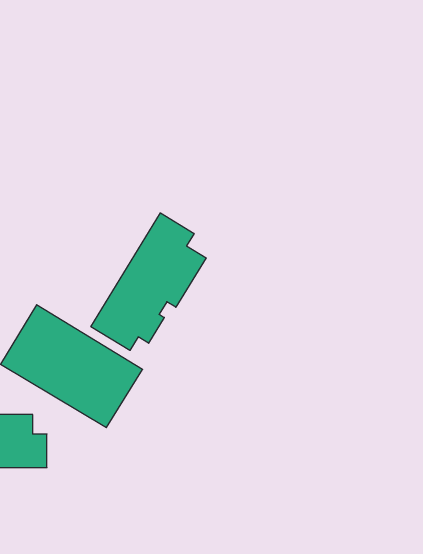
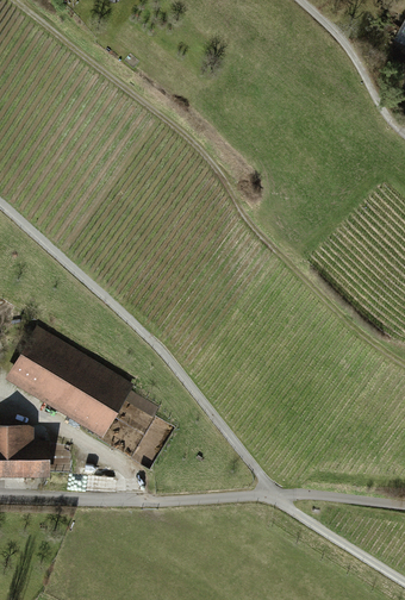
building: [91,213,206,350] -> none

